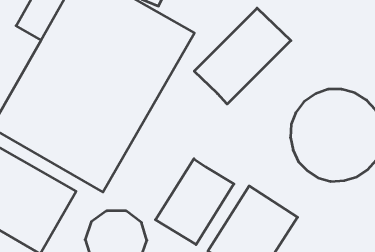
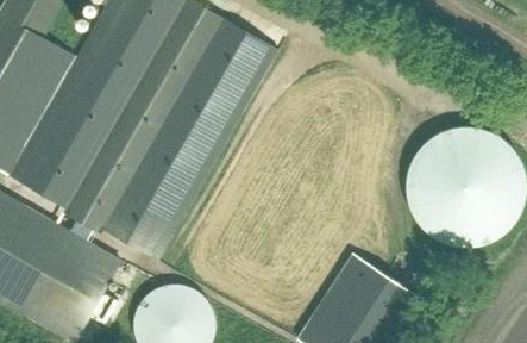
building: [194,8,291,104] -> none
building: [155,159,234,245] -> none

